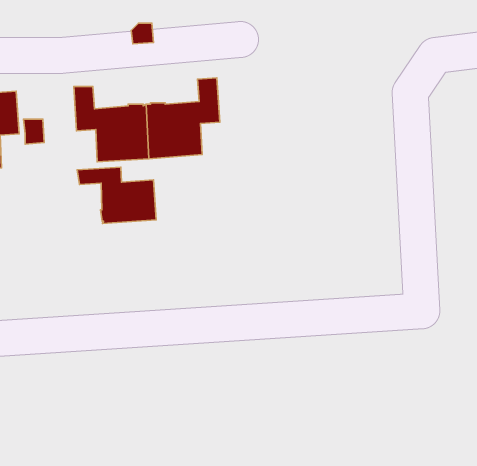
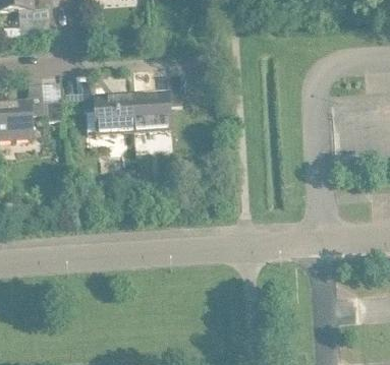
building: [77,167,156,223] -> none

